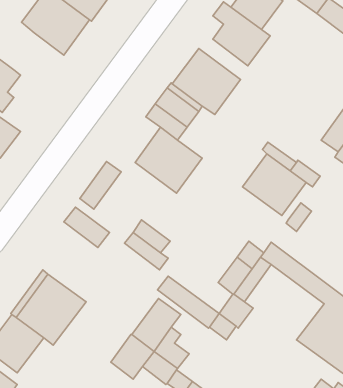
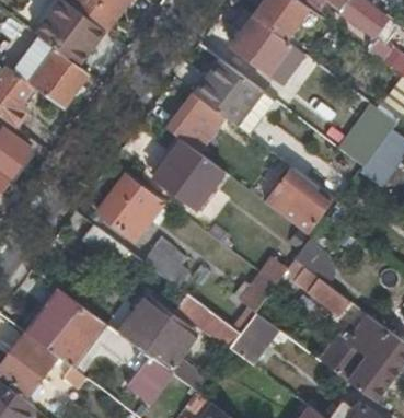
building: none -> [30,44,89,108]
building: none -> [111,187,160,243]
building: none -> [118,294,177,355]

